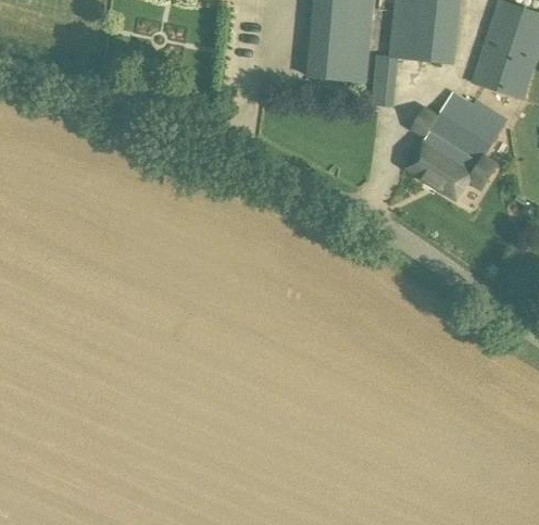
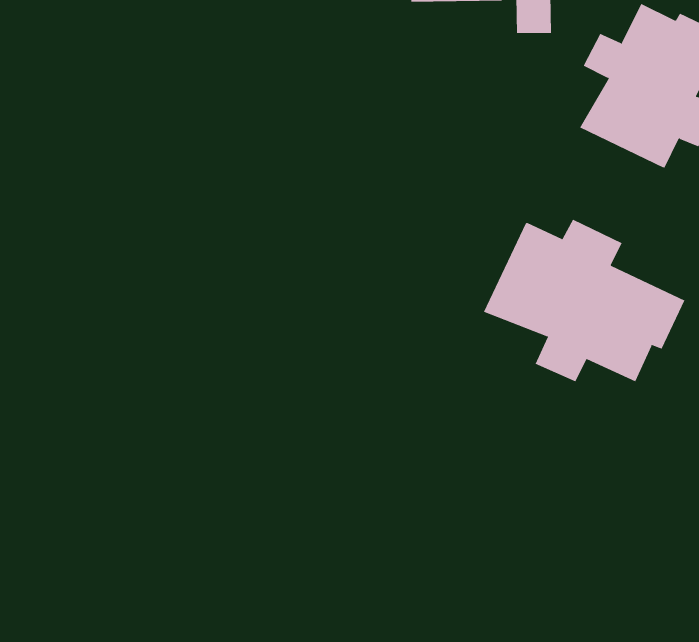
building: none -> [483,219,685,382]

